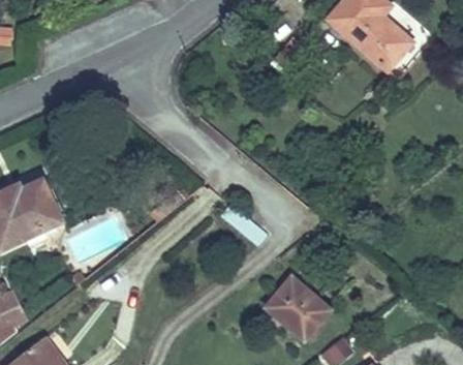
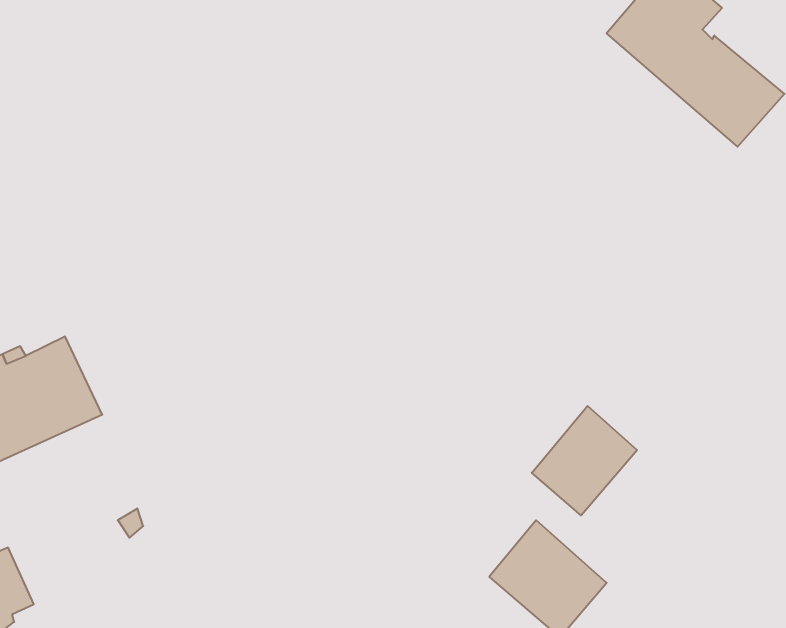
building: none -> [532,406,637,515]

